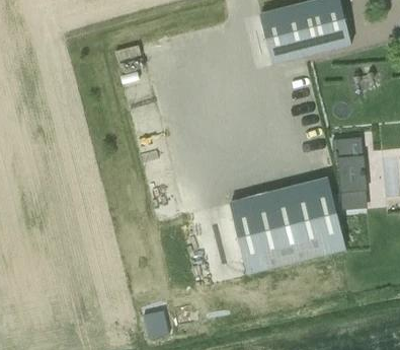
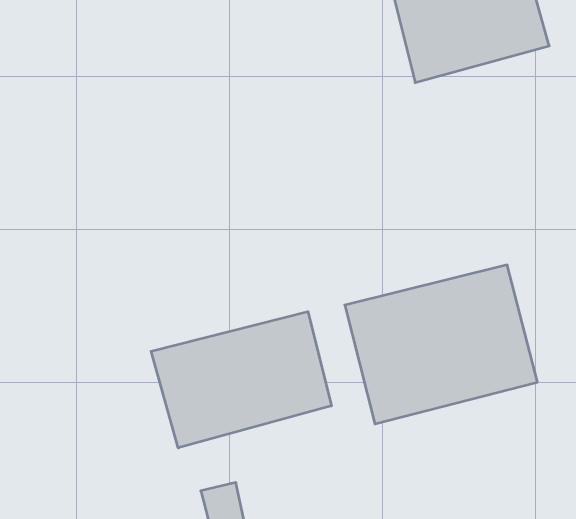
building: [336,136,366,208] -> none
building: none -> [151,312,331,448]

